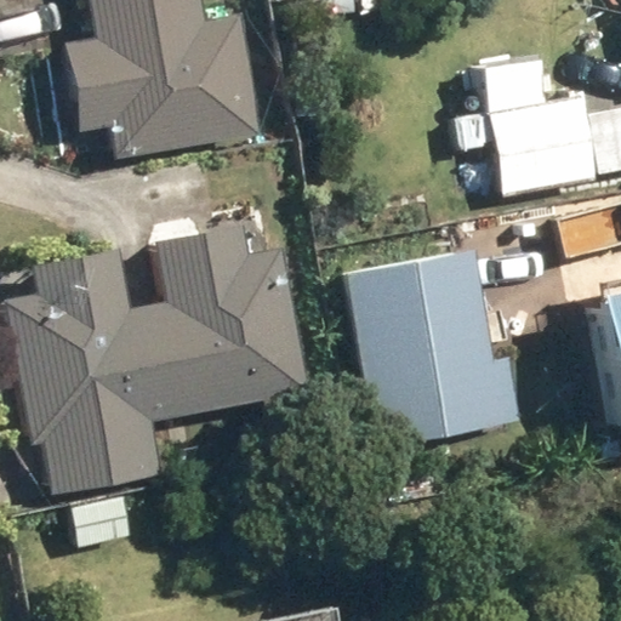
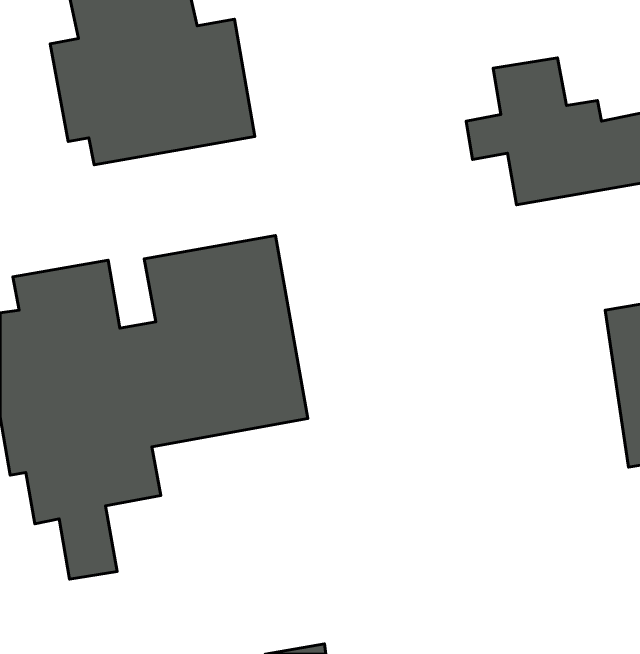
building: [342,249,520,449] -> none

